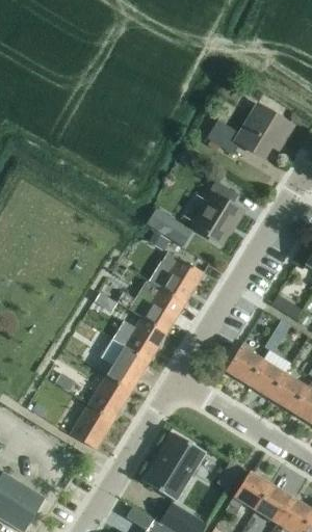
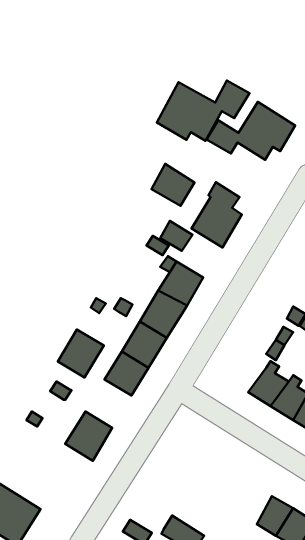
building: none -> [157,80,249,141]
building: none -> [152,164,194,206]
building: [225,345,264,383] -> none
building: [88,371,133,418] -> [58,329,104,378]
building: [144,432,206,500] -> none
building: [229,471,269,511] -> none

